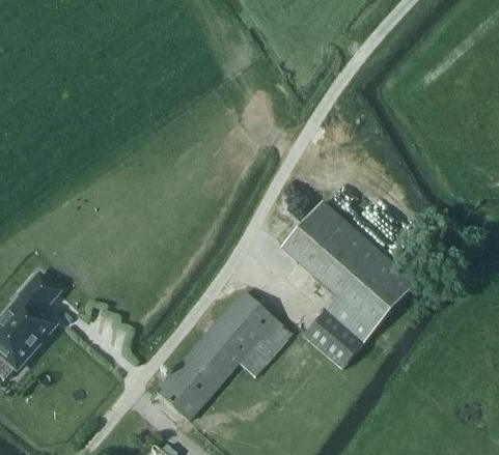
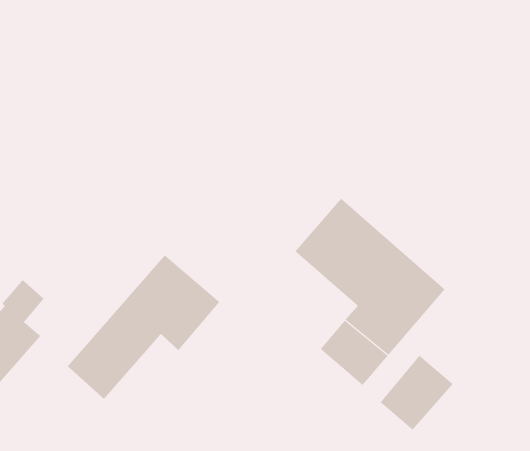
building: [156,290,293,420] -> [67,255,220,400]
building: none -> [380,355,454,431]

